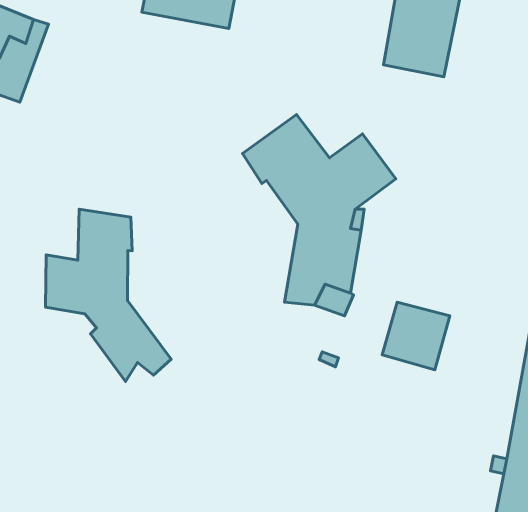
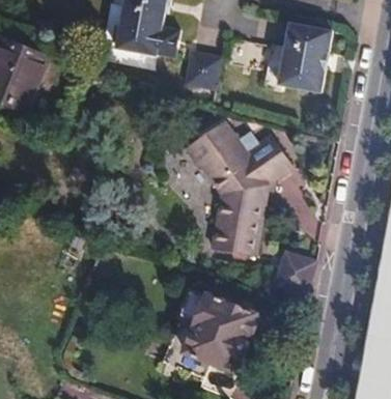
building: none -> [185,53,221,90]
building: [46,209,171,382] -> none
building: none -> [162,290,256,379]

